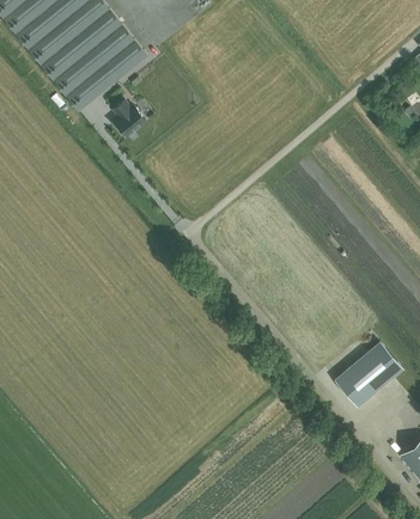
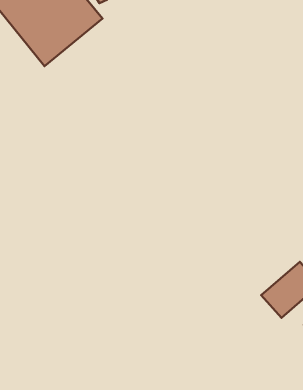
building: [112,98,146,134] -> none

